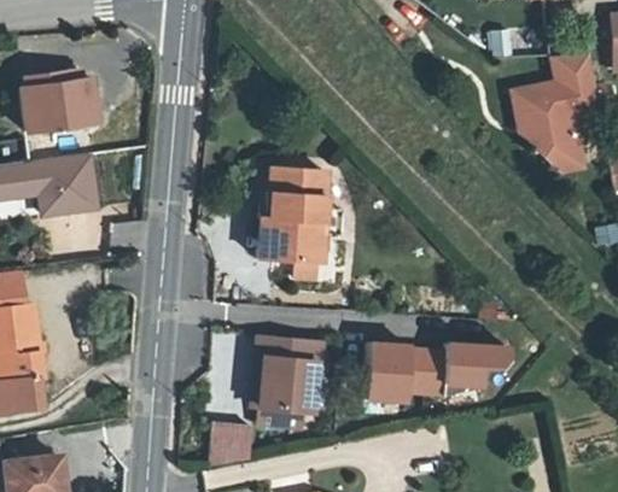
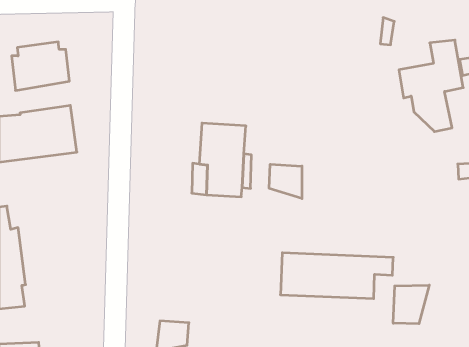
building: none -> [269,164,302,199]
building: [255,339,320,430] -> none
building: none -> [393,285,429,324]

